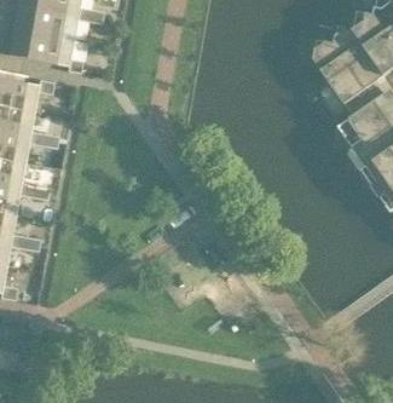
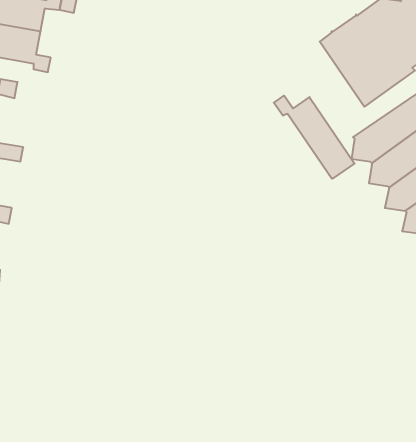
building: none -> [274,96,355,179]

